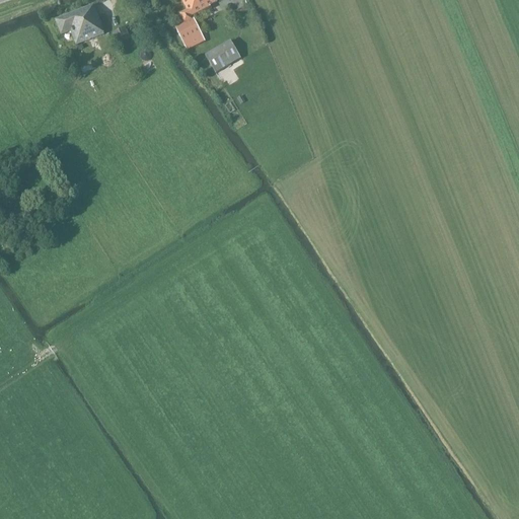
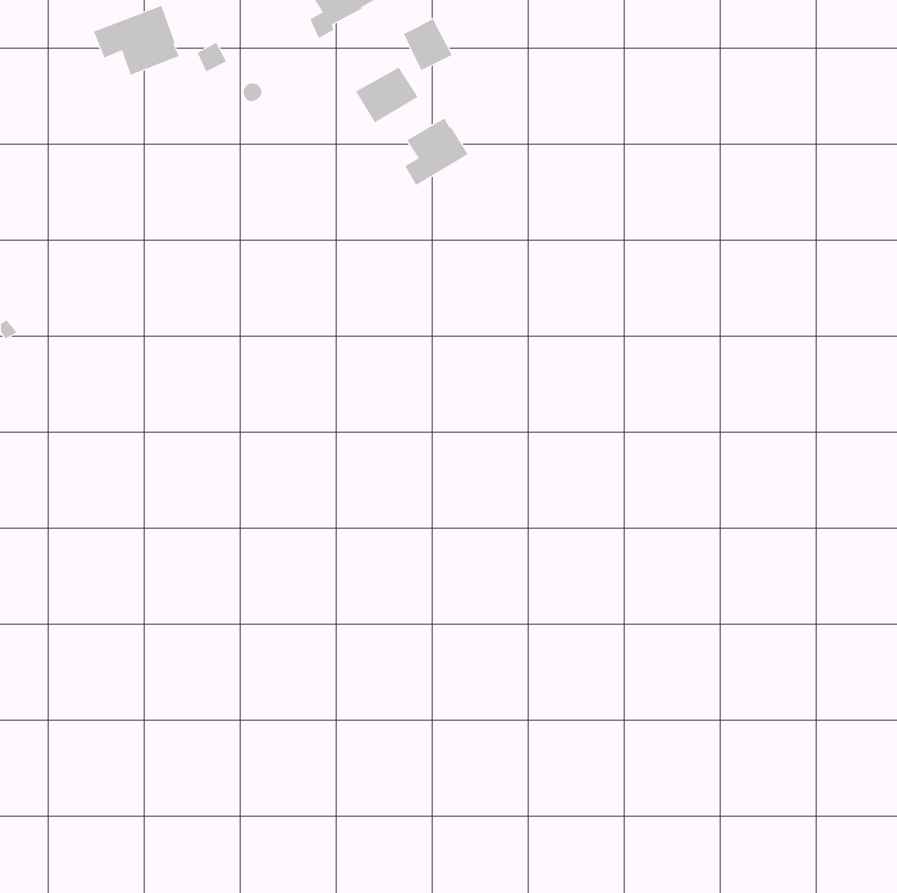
building: [176,17,205,48] -> [403,18,453,71]
building: none -> [404,117,468,186]

